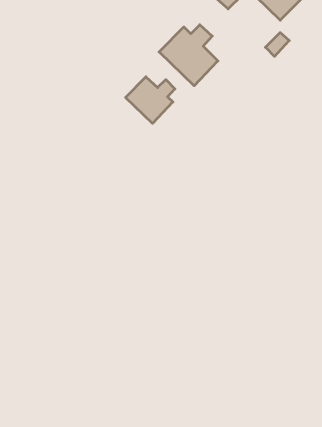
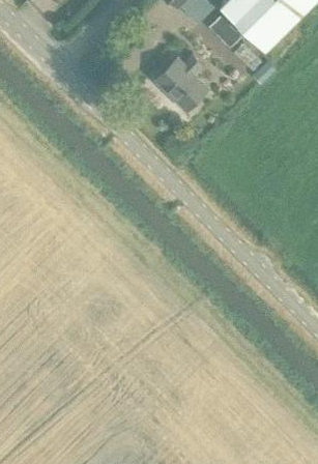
building: [126,77,175,123] -> none

